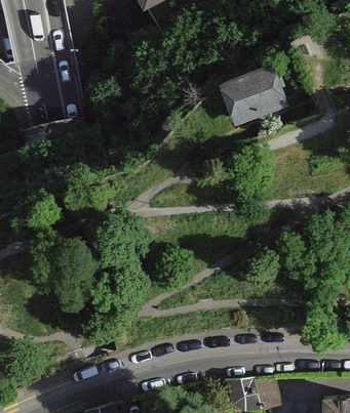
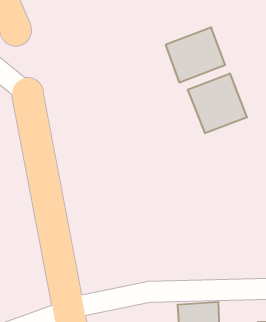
building: none -> [188,73,247,133]

